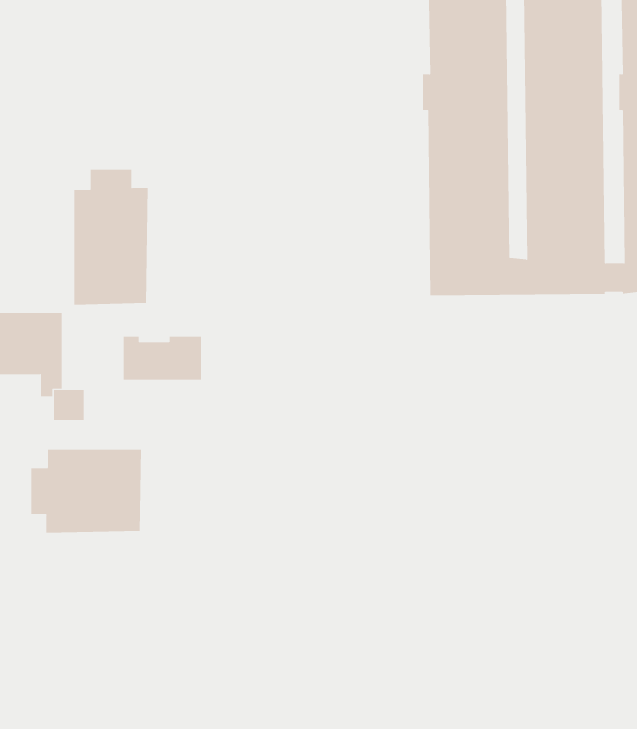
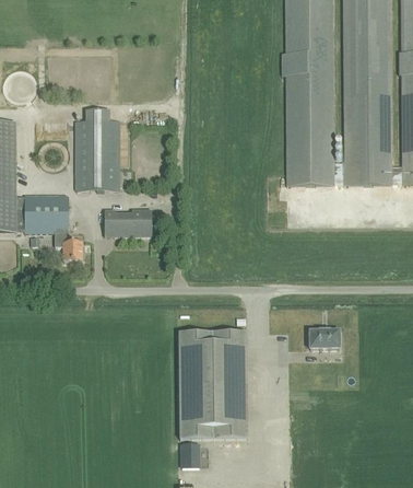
building: [31,449,142,534] -> none
building: none -> [308,328,340,349]
building: none -> [178,330,247,438]

